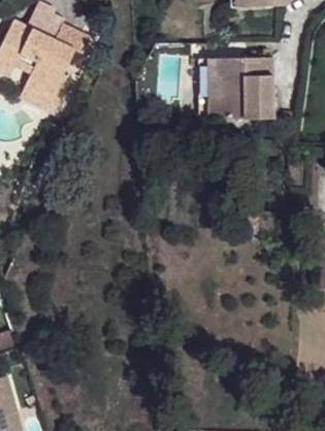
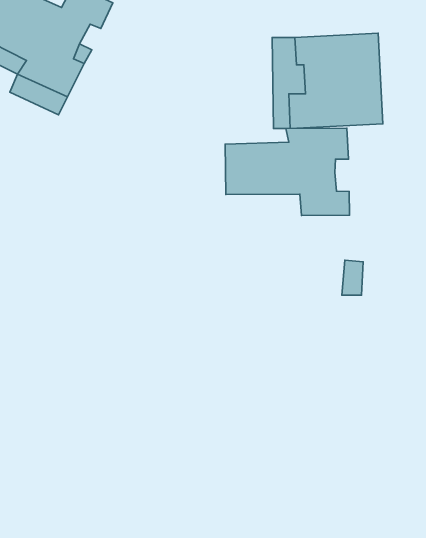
building: none -> [225,128,350,216]

